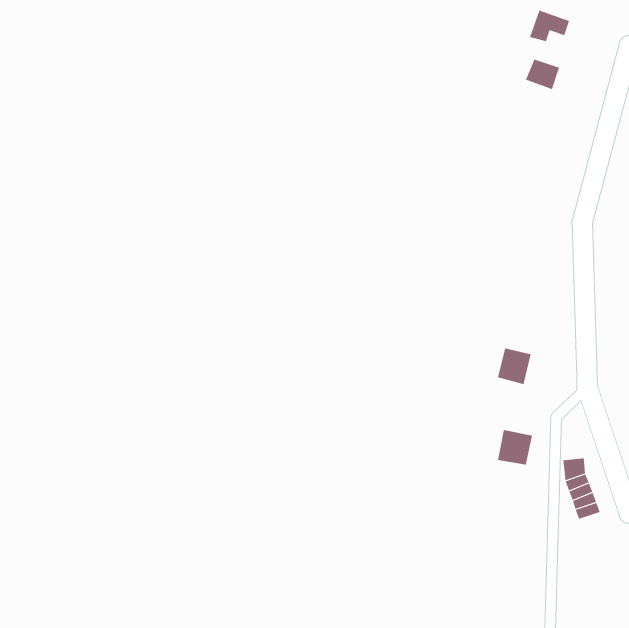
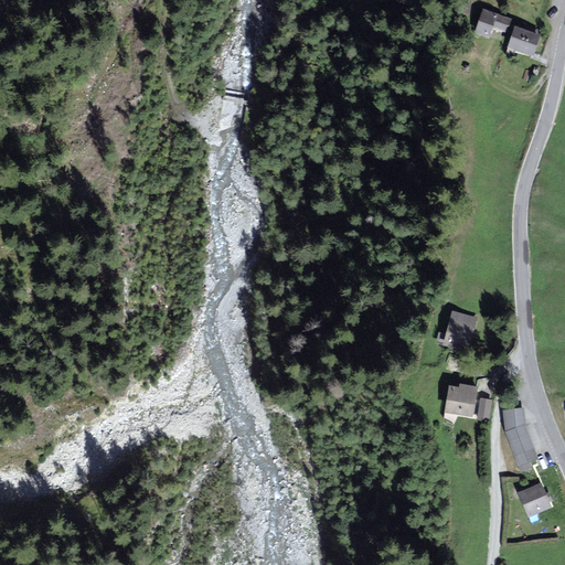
building: [525,59,560,90] -> [508,26,539,54]
building: none -> [520,483,551,514]

